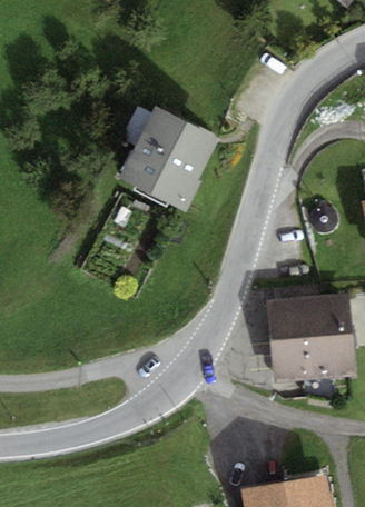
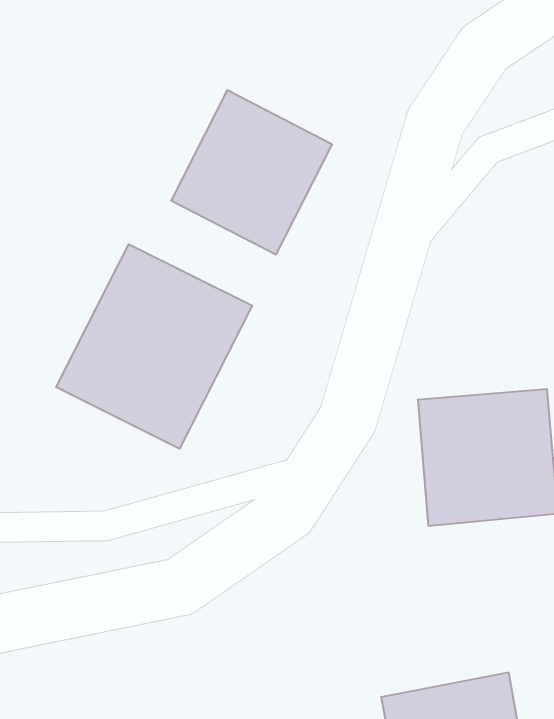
building: none -> [56,244,252,449]

